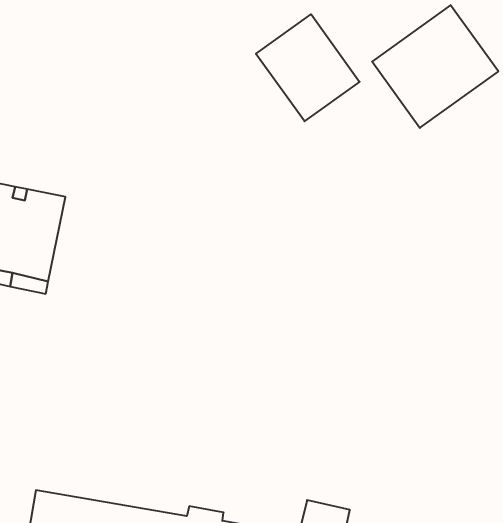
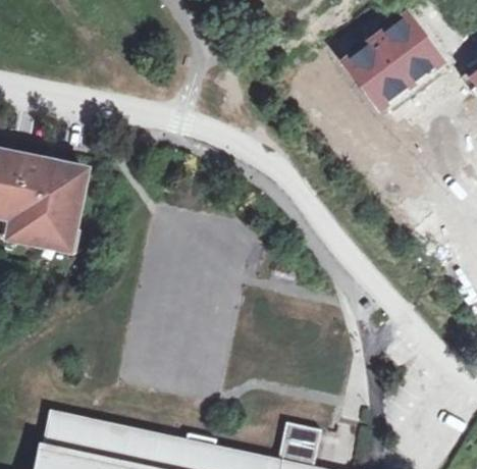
building: [256,14,360,121] -> none

